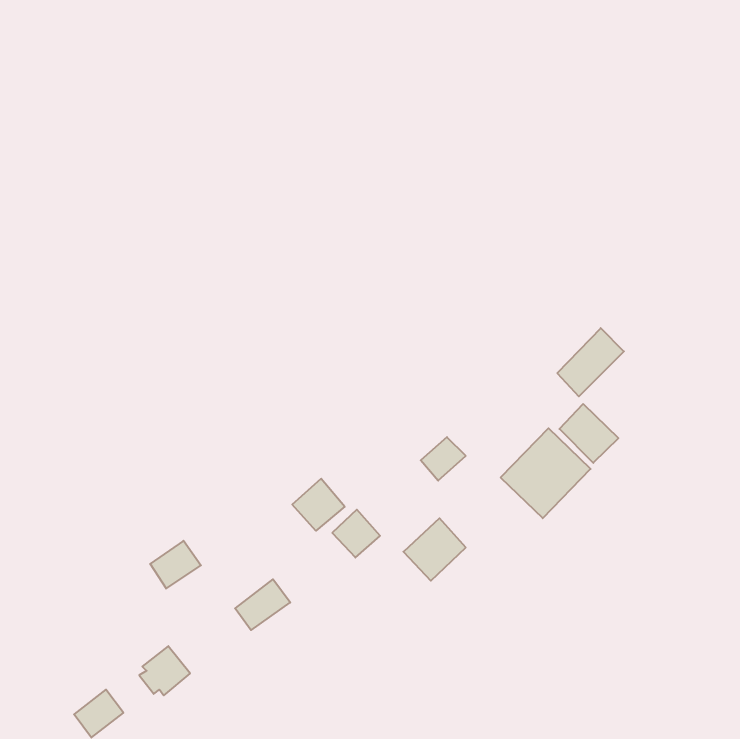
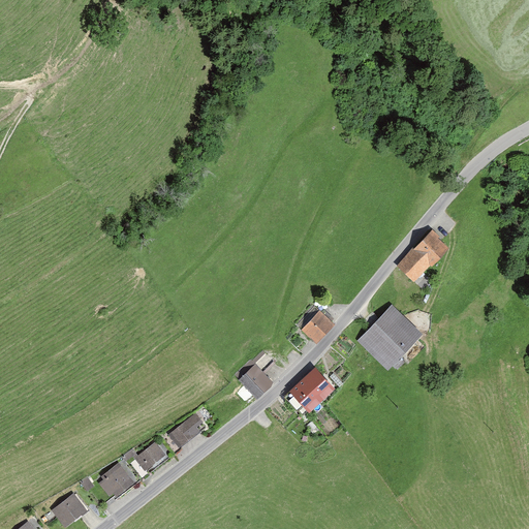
building: [559,404,618,463] -> none
building: [292,479,345,531] -> none
building: [150,541,201,589] -> [128,440,164,474]

